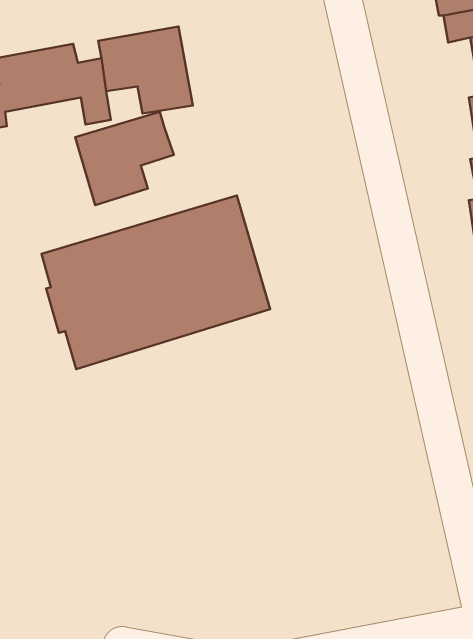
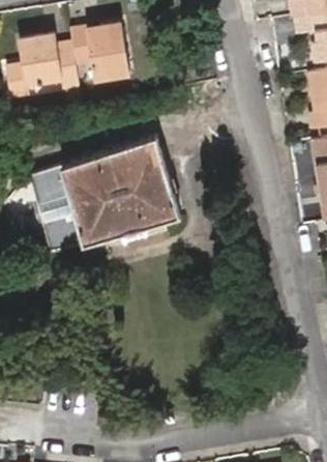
building: [75,112,174,205] -> none

